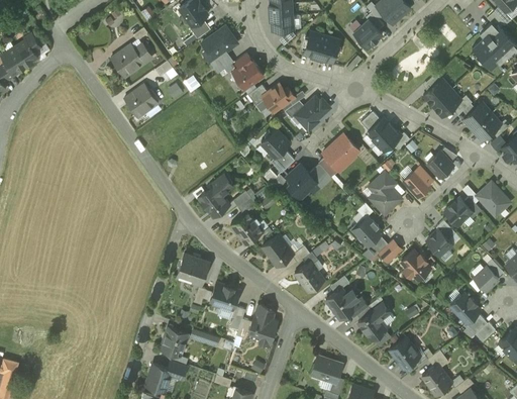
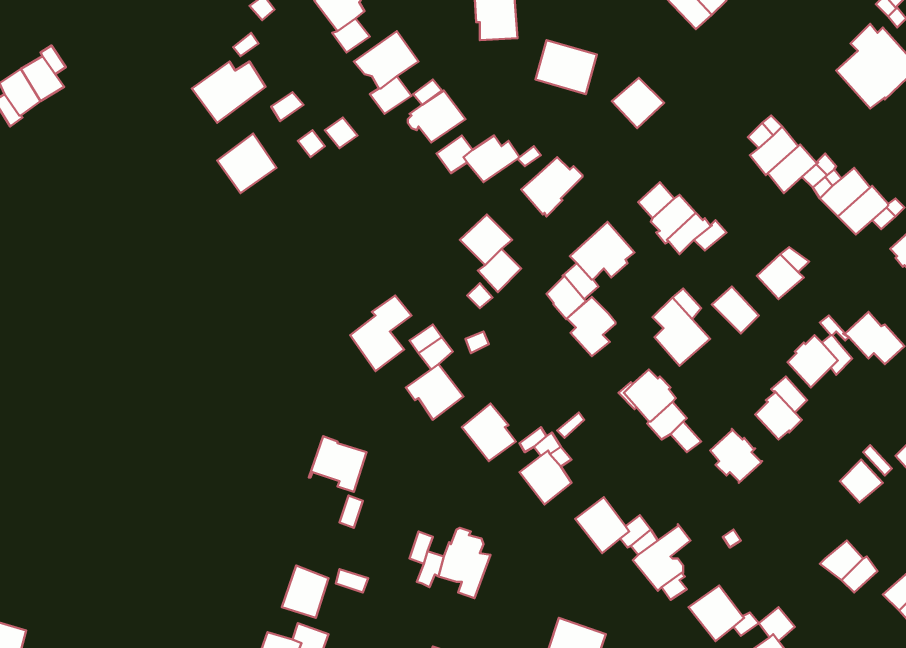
building: [353,20,383,48] -> [612,78,664,128]
building: [286,165,313,198] -> [567,297,615,356]
building: [210,282,239,309] -> none
building: [450,293,480,322] -> none

